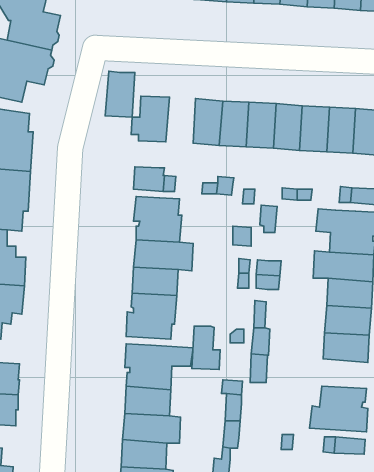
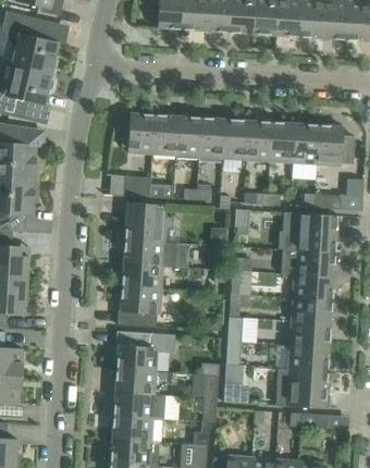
building: [105,71,135,117] -> [152,114,178,155]
building: [192,326,220,370] -> [224,365,249,403]
building: none -> [289,344,330,370]

